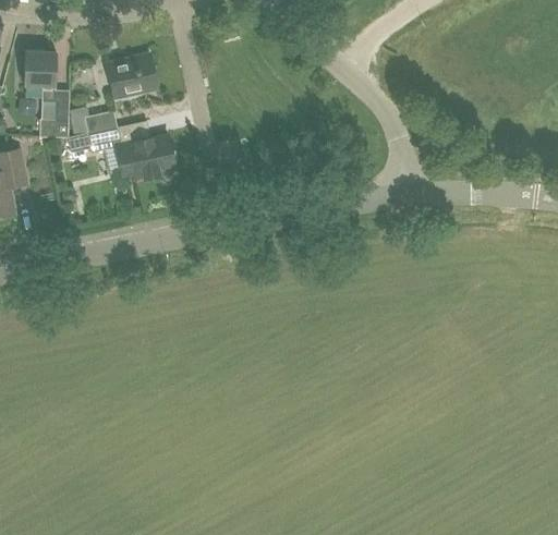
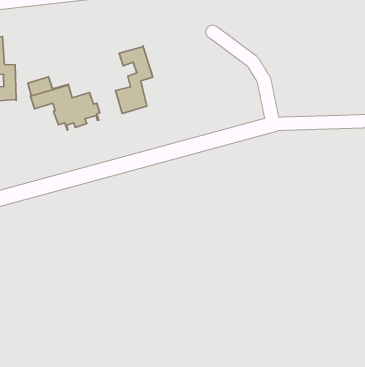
building: [106,54,156,98] -> none
building: none -> [116,46,153,113]

